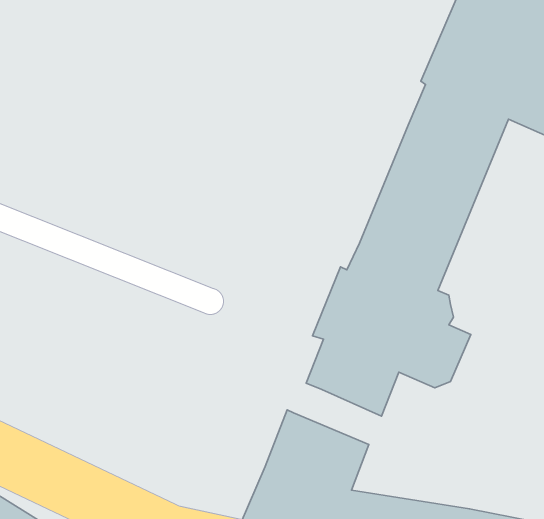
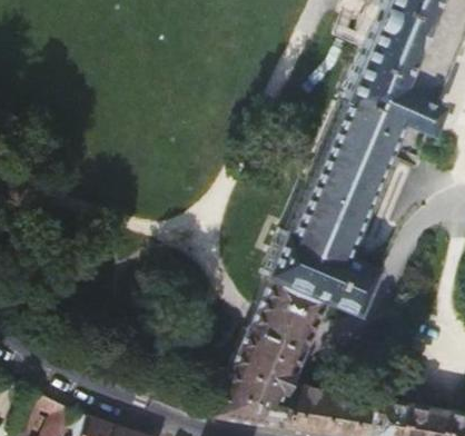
building: none -> [254,310,316,354]

